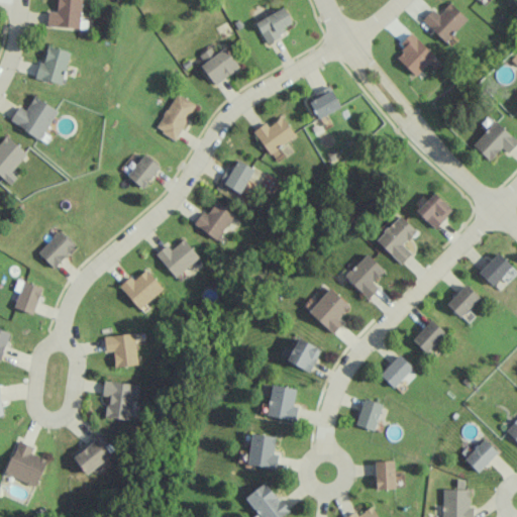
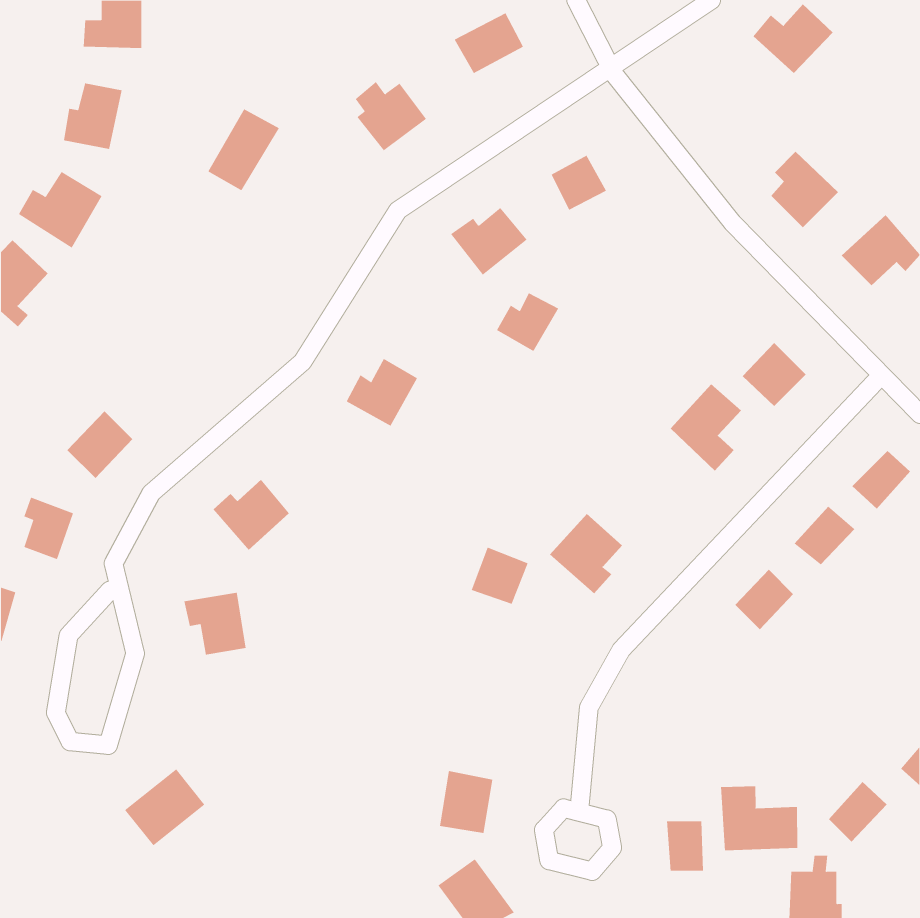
building: [397,33,435,77] -> [770,151,839,228]
building: [156,94,196,140] -> [208,109,280,191]
building: [126,154,161,189] -> none
building: [219,161,254,194] -> [496,292,559,352]
building: [156,239,199,279] -> none
building: [344,253,385,300] -> none
building: [288,339,320,372] -> [471,547,529,604]
building: [380,355,413,389] -> none
building: [102,382,139,421] -> none
building: [266,385,299,422] -> none
building: [355,399,383,431] -> none
building: [4,441,46,488] -> none
building: none -> [721,785,798,851]

